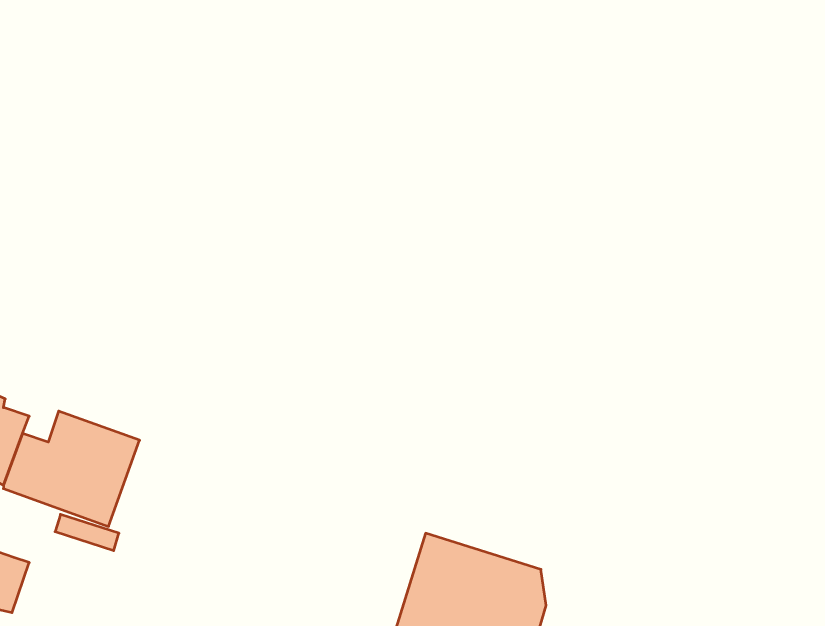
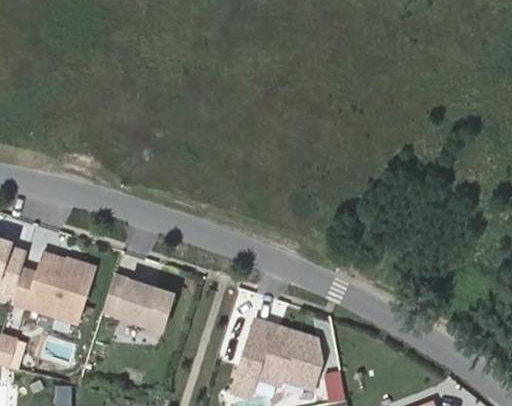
building: none -> [103,276,174,332]

